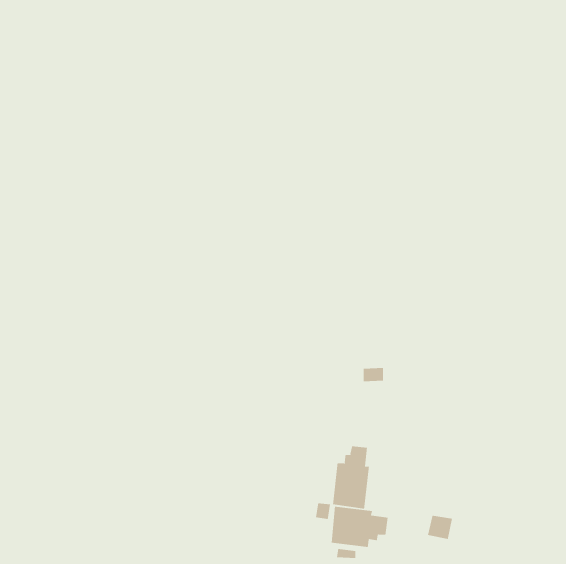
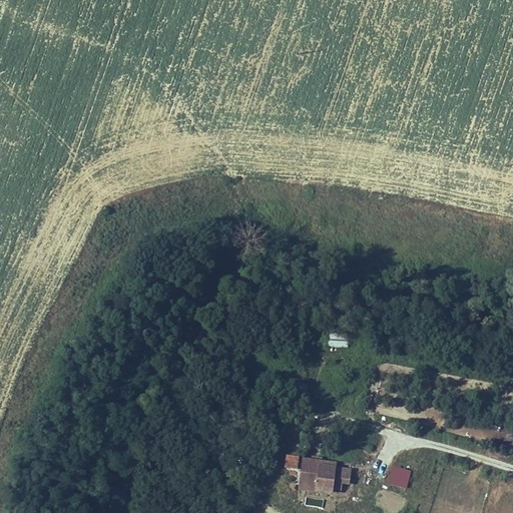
building: [333,446,370,510] -> none

